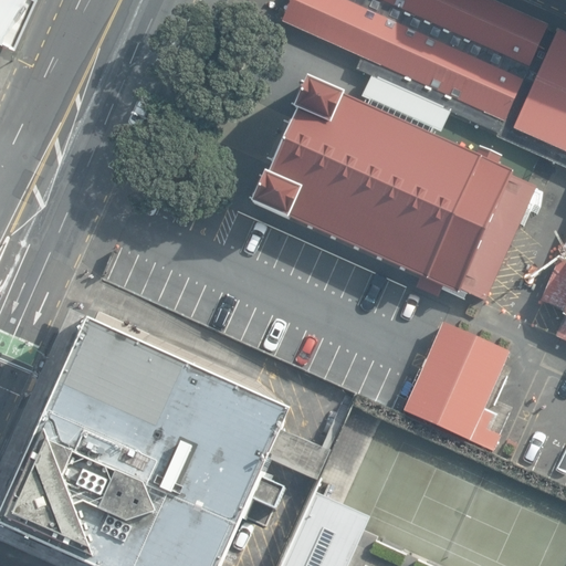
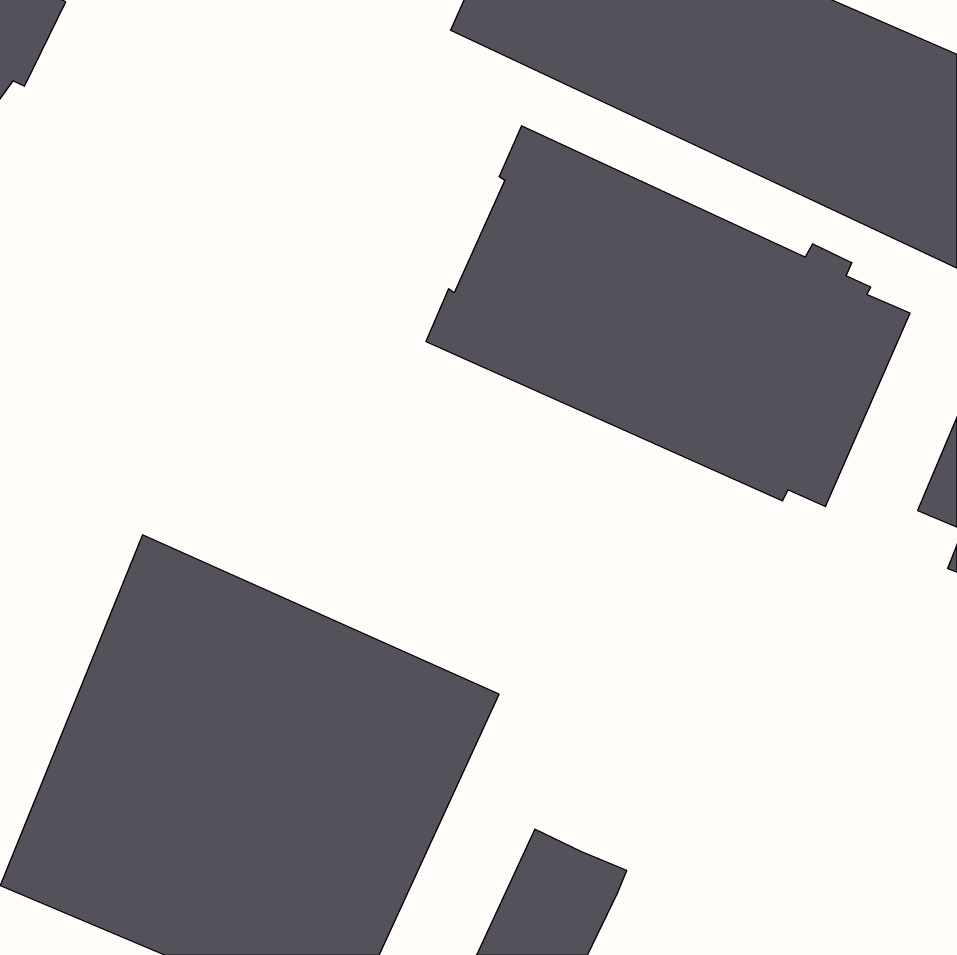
building: [405,322,512,448] -> none

